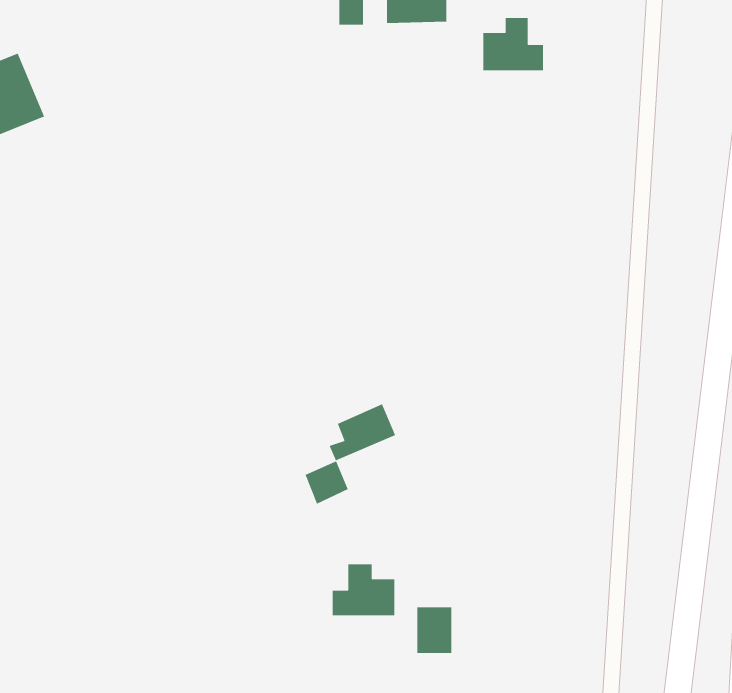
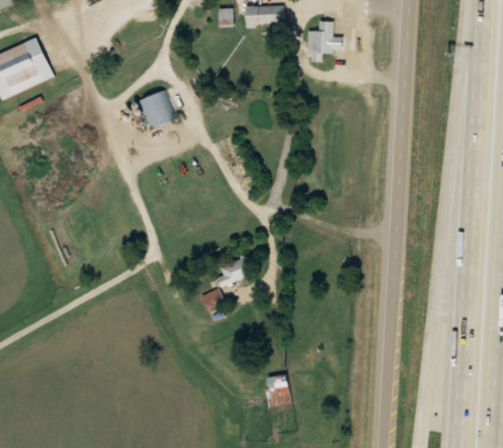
building: none -> [137,91,175,129]
building: [332,564,395,616] -> none

